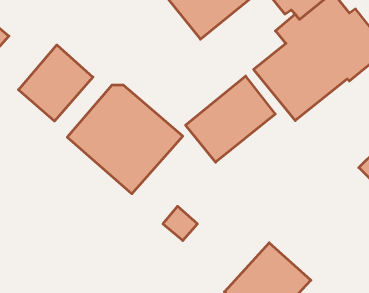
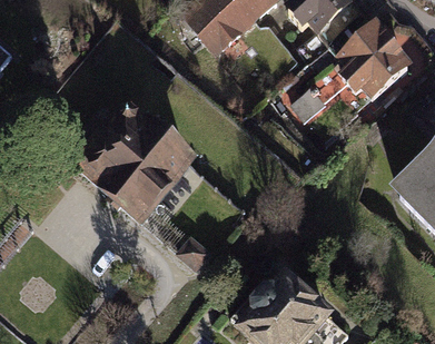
building: [18,45,93,121] -> none
building: [186,76,275,162] -> none

